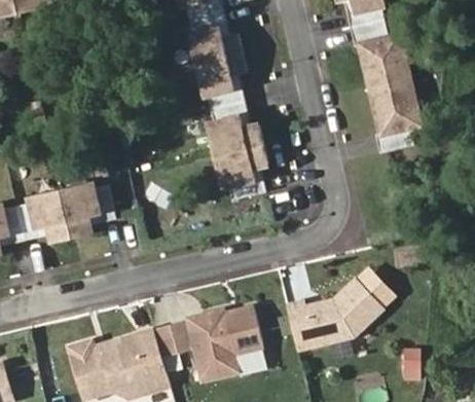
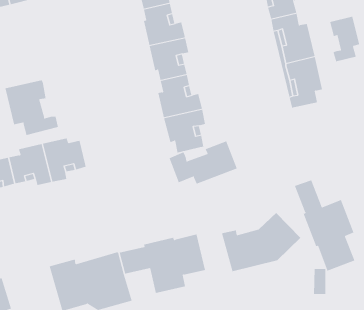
building: none -> [329,16,360,62]
building: none -> [5,80,59,136]
building: none -> [169,140,238,185]
building: none -> [294,180,355,271]

